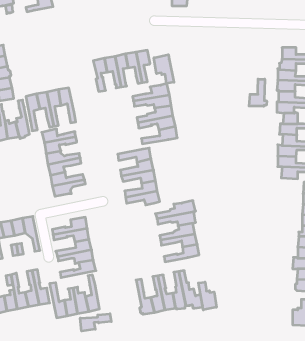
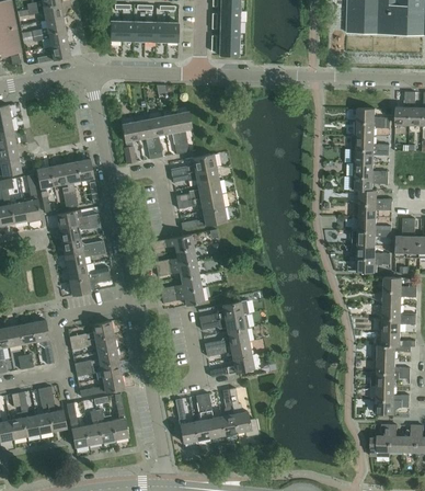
building: [154,55,174,84] -> none
building: [249,79,267,106] -> none
building: [198,282,216,310] -> none
building: [80,314,111,331] -> none

